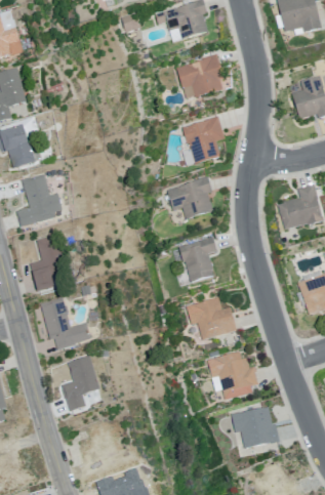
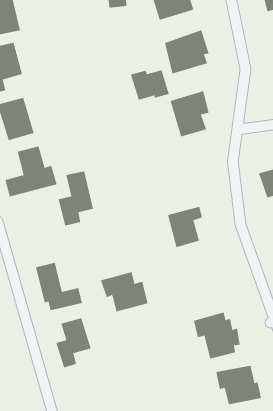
building: none -> [130,69,169,100]
building: [167,176,212,218] -> none
building: [29,234,67,292] -> [58,171,94,226]
building: [186,296,237,339] -> [100,272,149,312]

